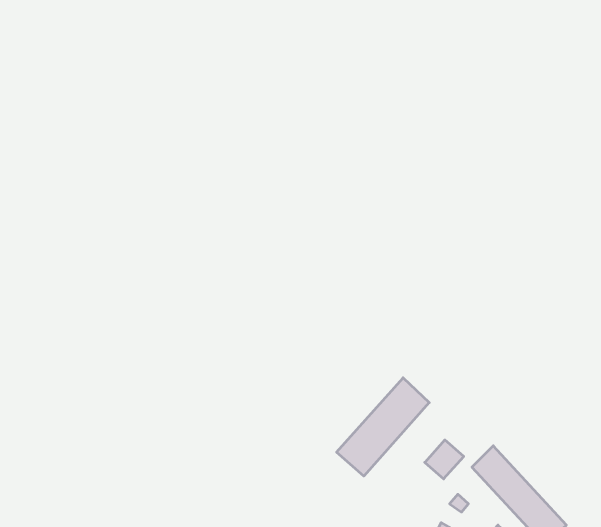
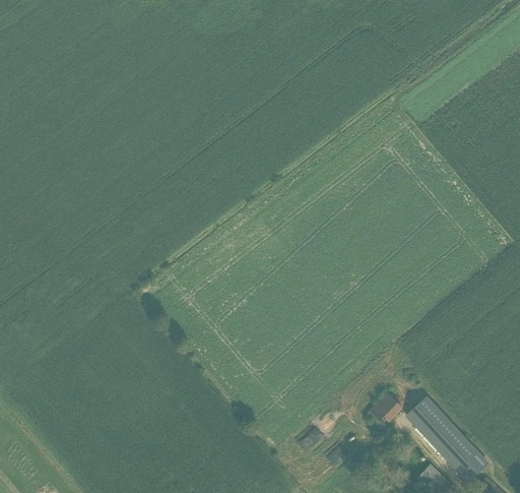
building: [337,378,429,476] -> none

